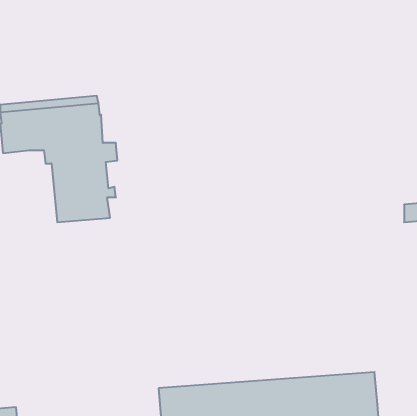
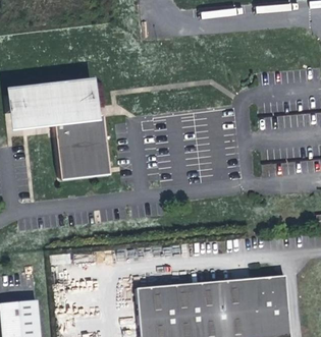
building: none -> [57,129,111,177]

